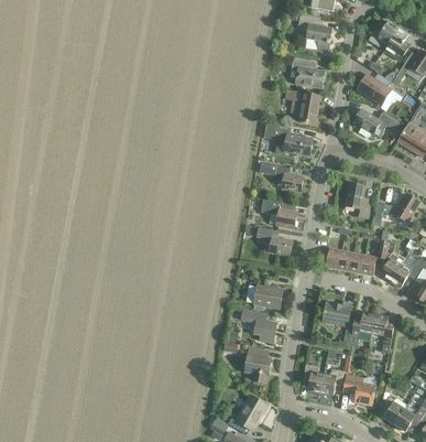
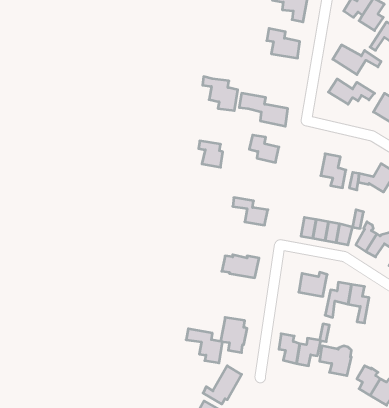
building: [283,88,318,122] -> [203,77,238,111]
building: [272,201,296,227] -> [199,141,223,167]
building: [240,309,276,343] -> [186,329,222,363]

